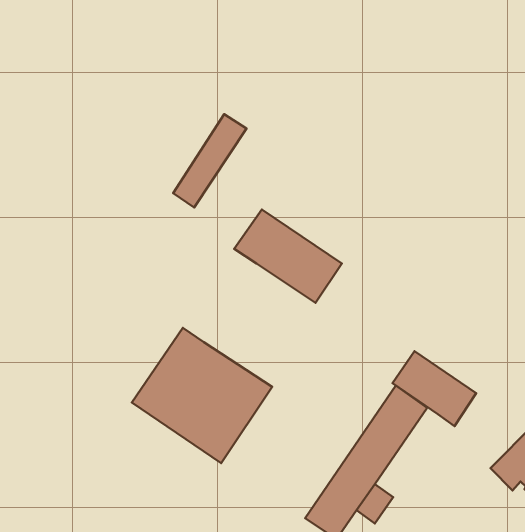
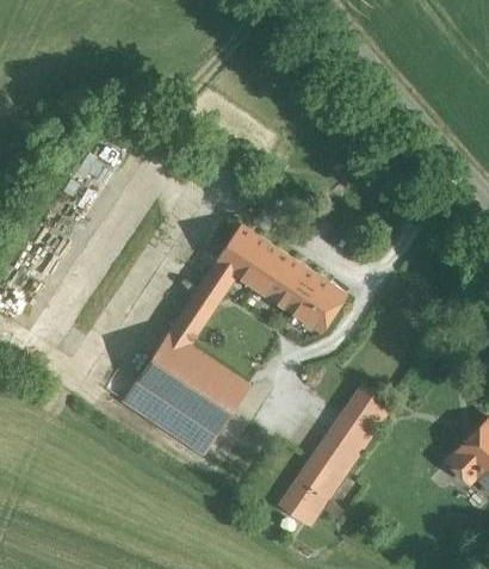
building: [173,114,247,207] -> [168,260,235,345]
building: none -> [289,273,345,330]
building: [392,351,476,426] -> none

